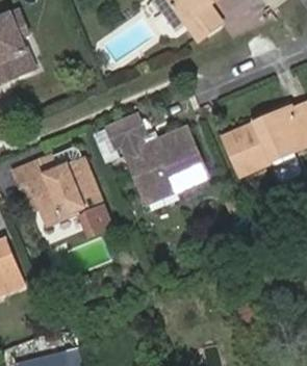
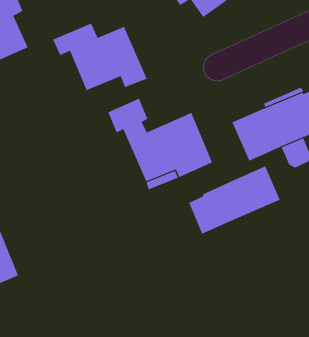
building: [11,155,102,219] -> [52,23,147,91]
building: none -> [188,165,281,235]

